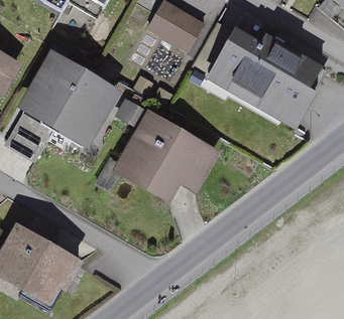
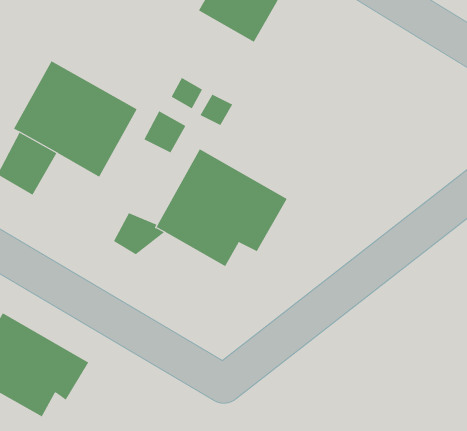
building: [211,29,322,119] -> none

